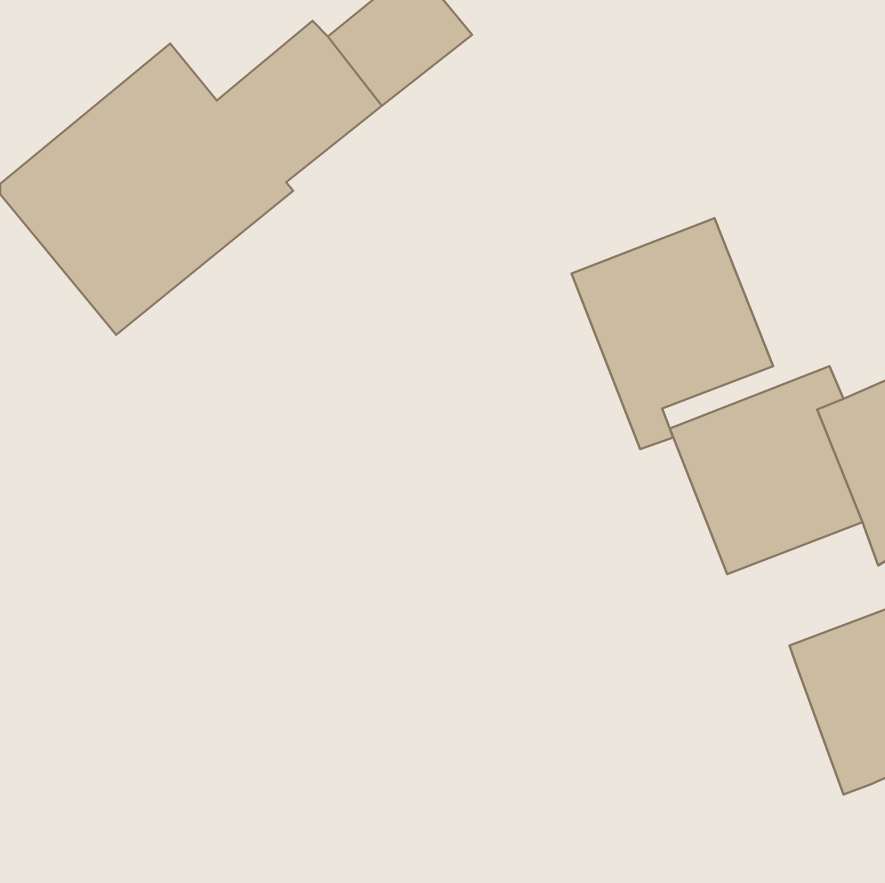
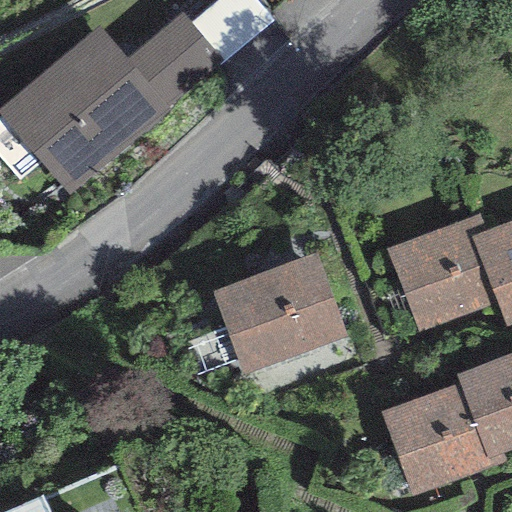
building: [572,218,773,449] -> none
building: none -> [213,251,348,374]
building: none -> [379,381,506,496]

